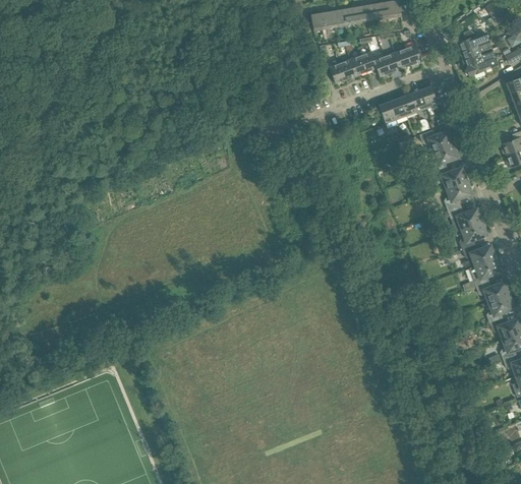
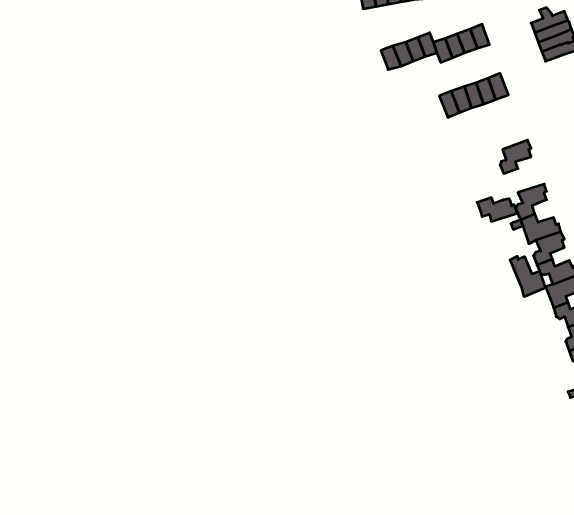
building: [420,130,455,150] -> none
building: [435,167,469,187] -> [477,198,518,221]
building: none -> [510,256,545,297]

